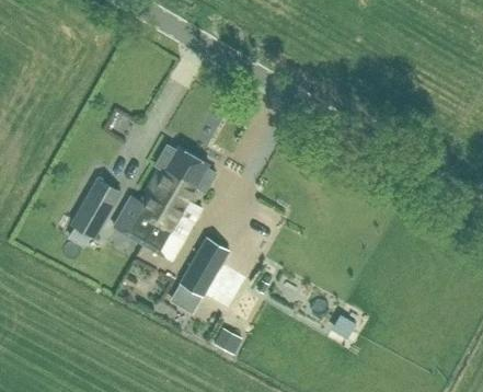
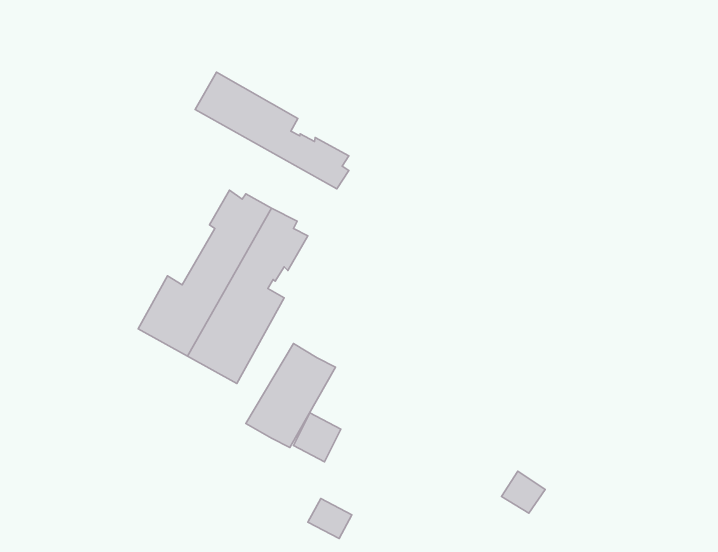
building: none -> [195,72,349,189]
building: [70,176,123,239] -> none

